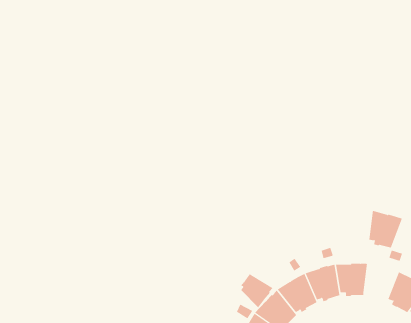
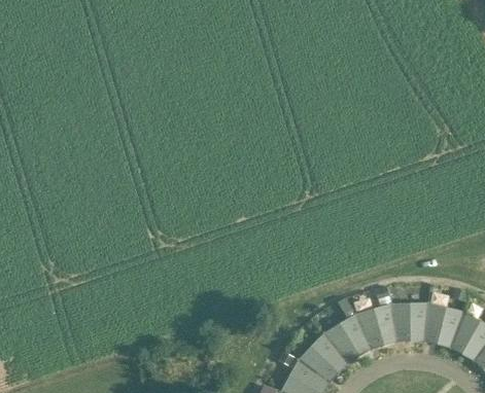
building: [369,210,404,250] -> [424,303,464,349]
building: [240,273,275,308] -> none

